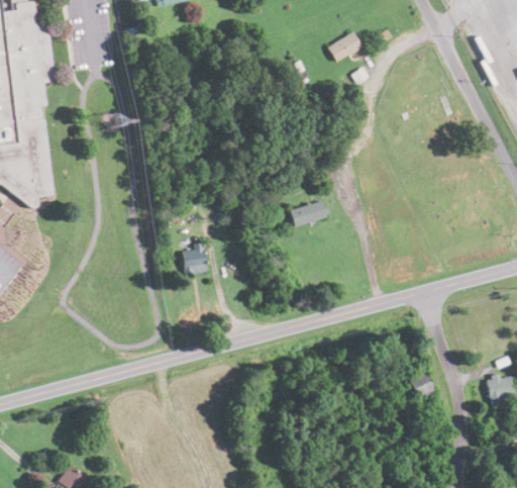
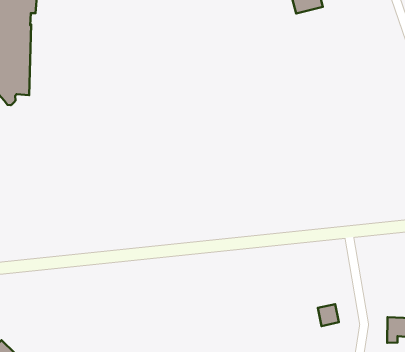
building: [287,199,325,227] -> none
building: [180,242,205,274] -> none

